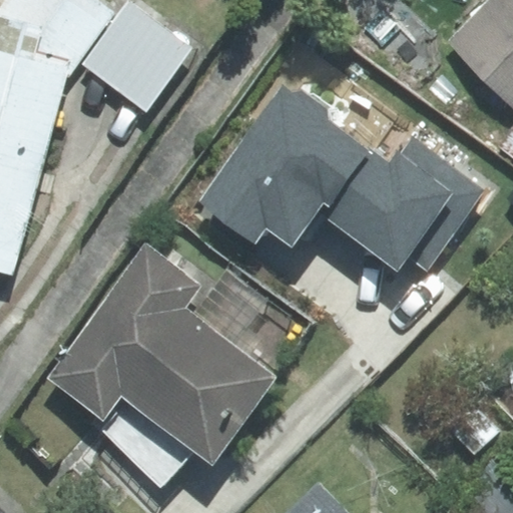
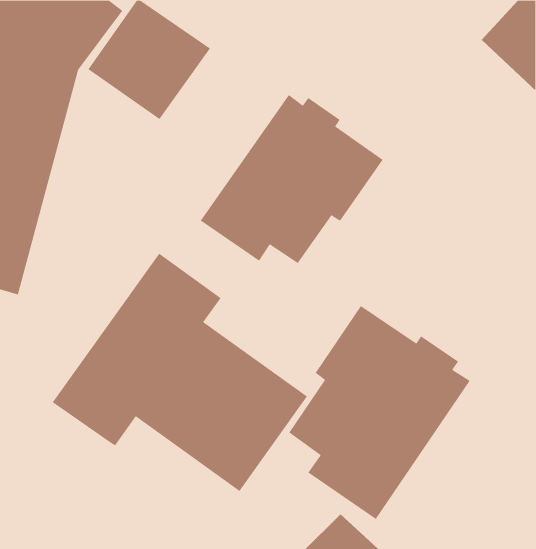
building: [307,144,470,277] -> none
building: none -> [288,305,471,520]

